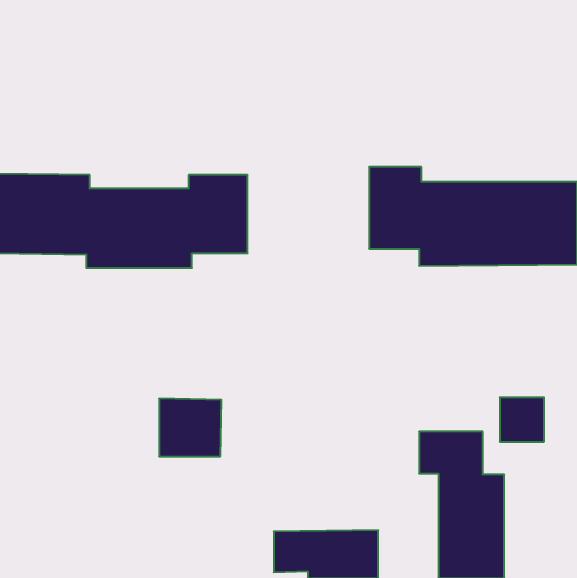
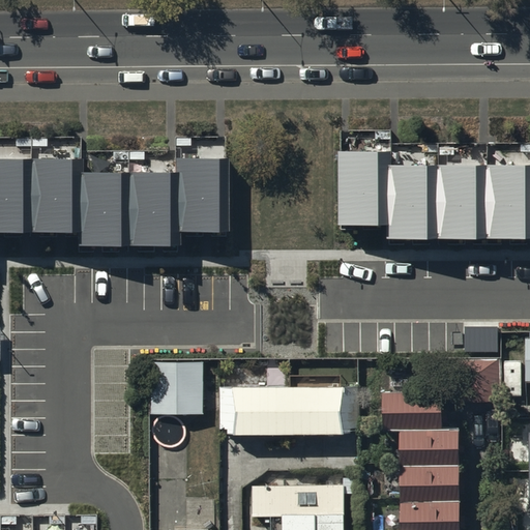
building: none -> [220,387,358,436]

